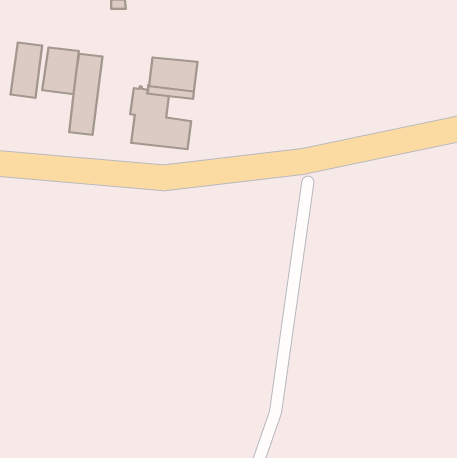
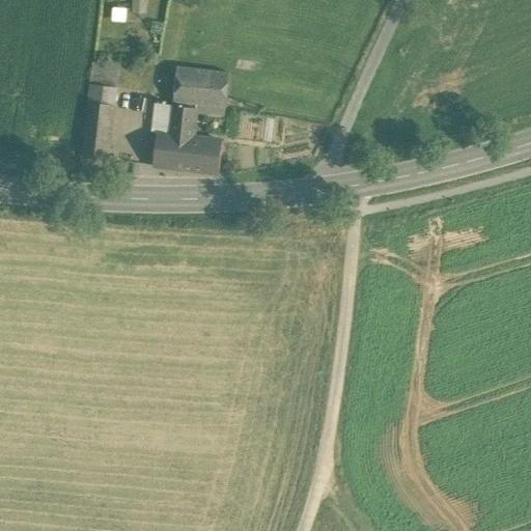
building: [10,43,42,98] -> none
building: [42,48,79,94] -> none

